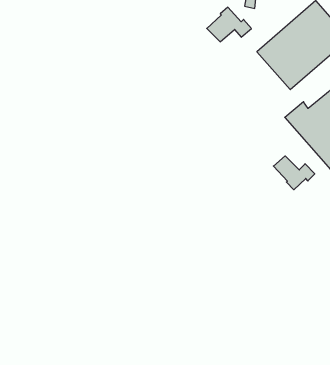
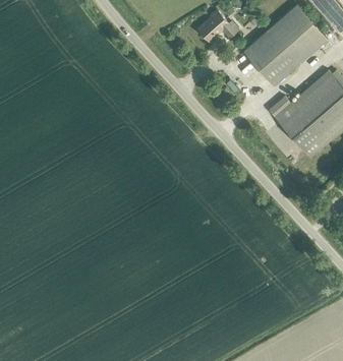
building: [273,156,315,190] -> none

